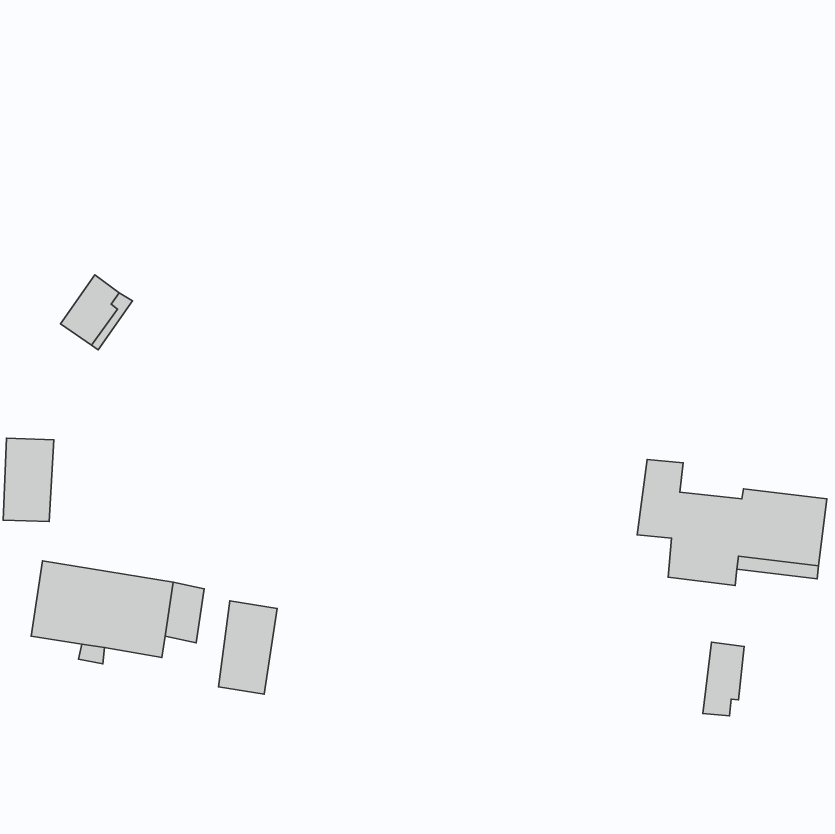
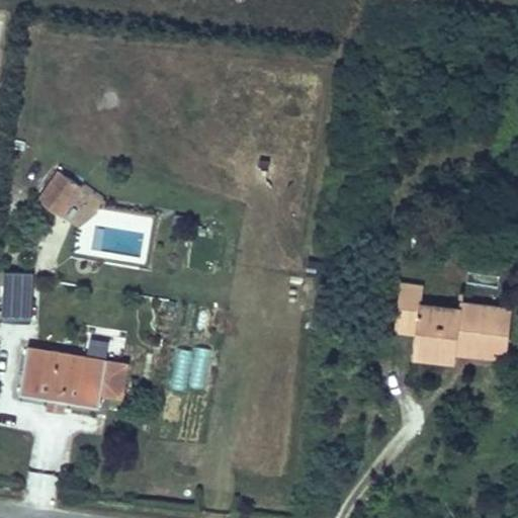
building: [218,601,277,694] -> none
building: [703,642,744,716] -> none

